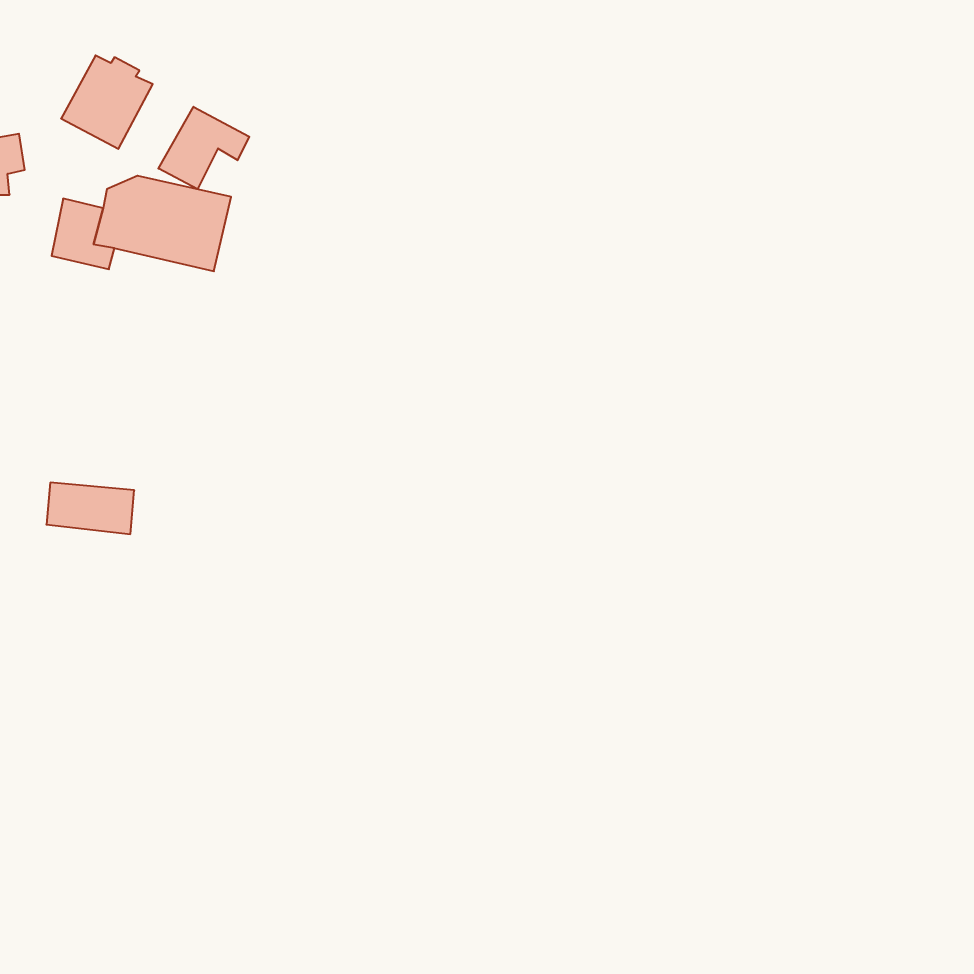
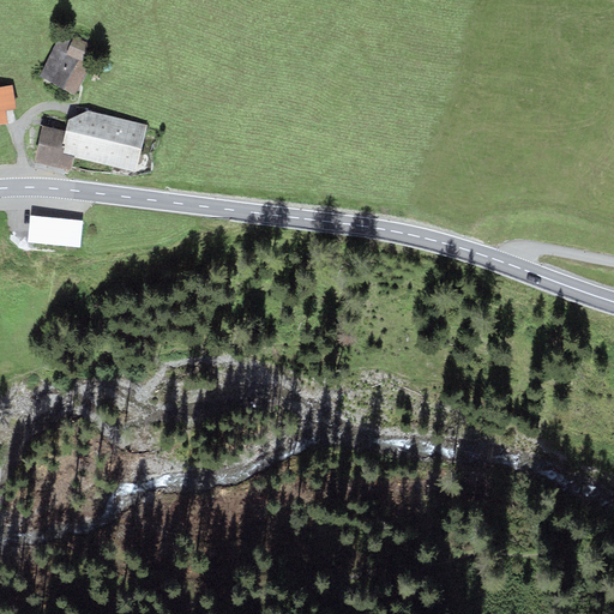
building: [158,107,249,189] -> none
building: [46,483,134,534] -> [26,215,82,247]

